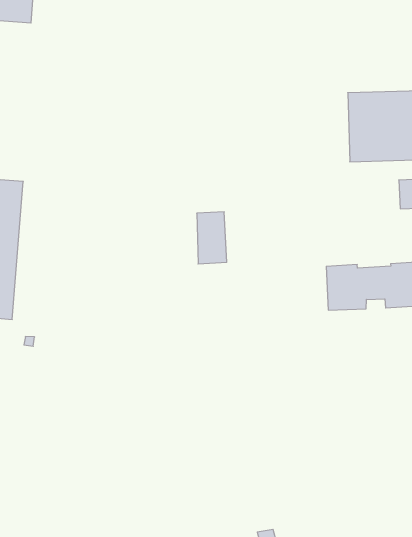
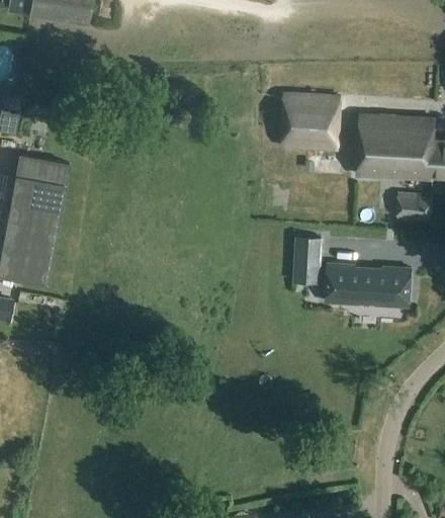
building: none -> [280,93,341,151]
building: [197,212,227,264] -> [292,238,320,283]

